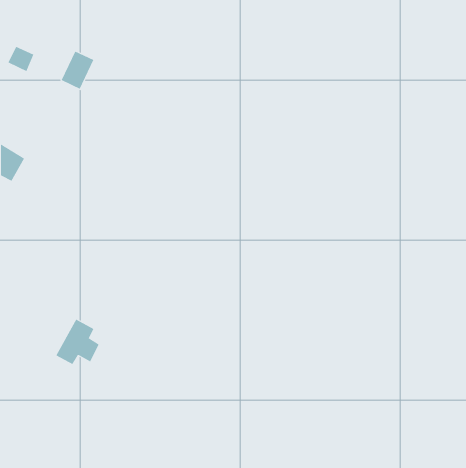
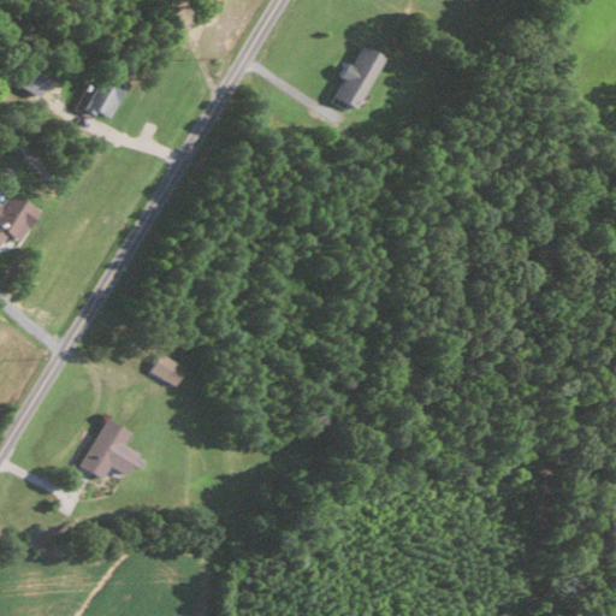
building: none -> [336,46,386,111]
building: none -> [152,355,185,385]

